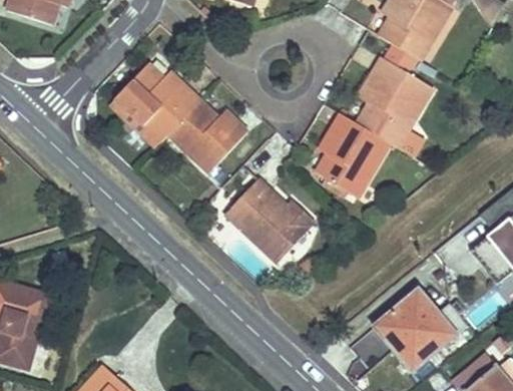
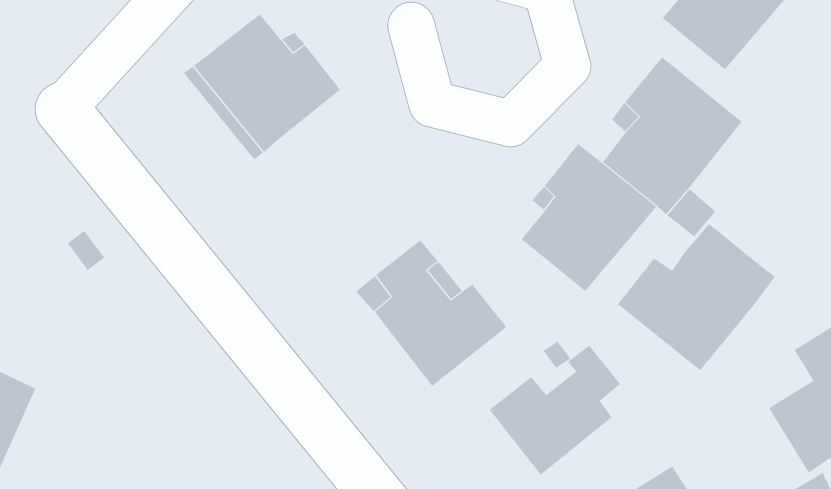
building: [169,100,246,171] -> none
building: none -> [617,223,776,371]
building: none -> [489,345,621,475]

